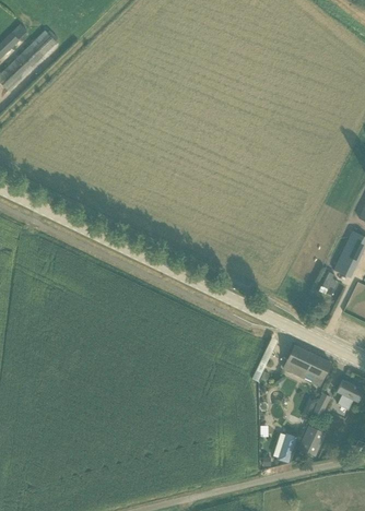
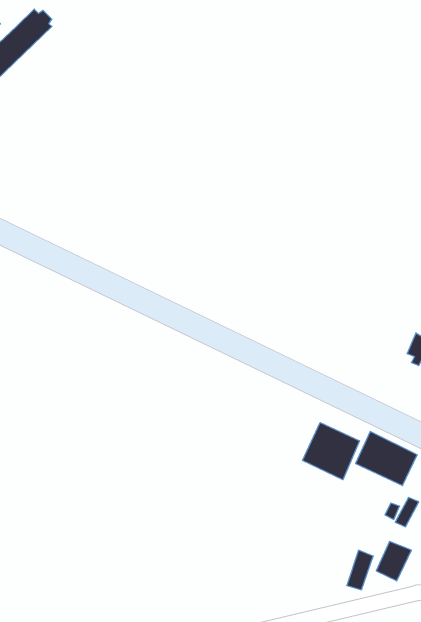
building: none -> [302,423,359,480]

